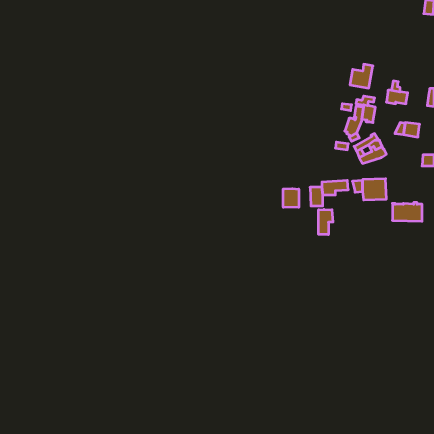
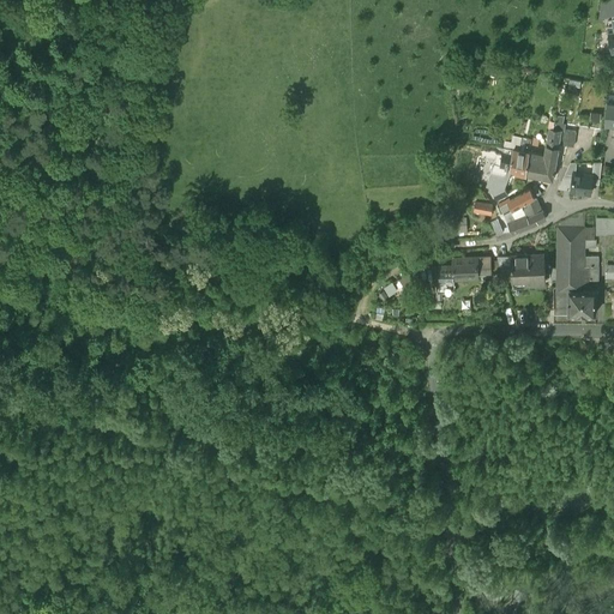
building: [350,64,373,88] -> [526,145,559,179]
building: none -> [558,227,598,289]
building: [283,189,299,207] -> none
building: [319,209,333,235] -> none

